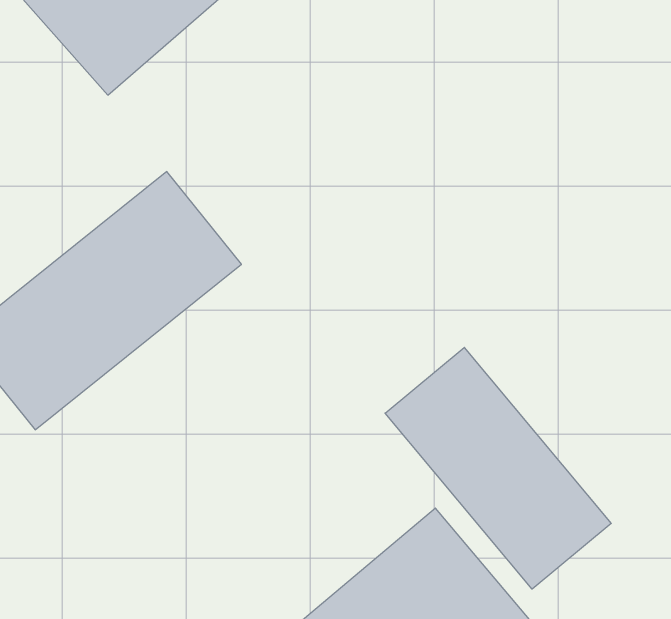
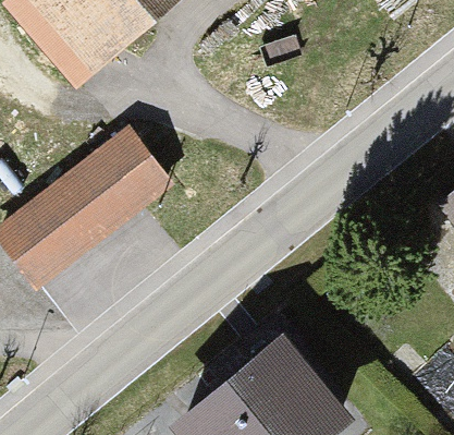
building: [385,347,611,589] -> none

